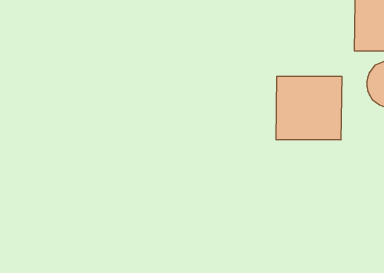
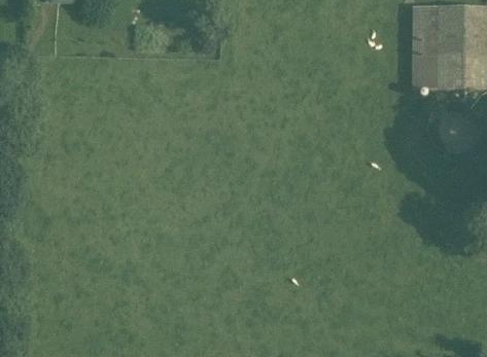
building: [276,76,342,140] -> none

